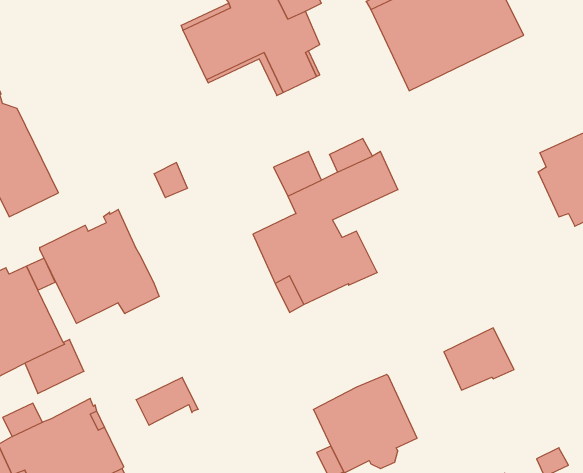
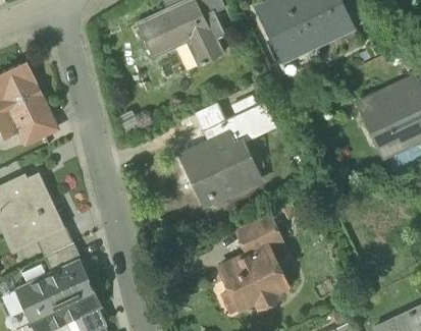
building: [40,209,159,323] -> none
building: [444,328,514,390] -> [236,214,281,254]
building: [136,377,198,425] -> [44,243,84,274]

